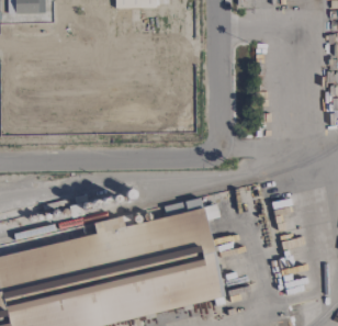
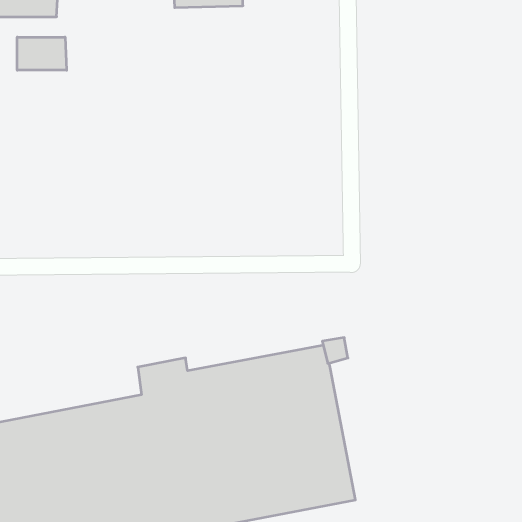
building: none -> [17,37,67,70]

